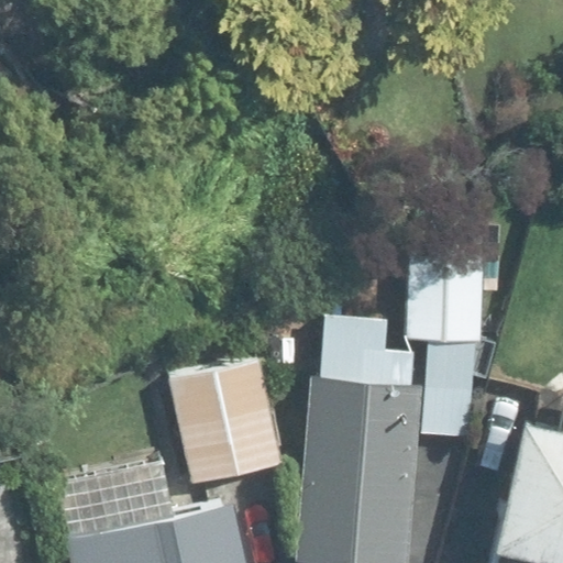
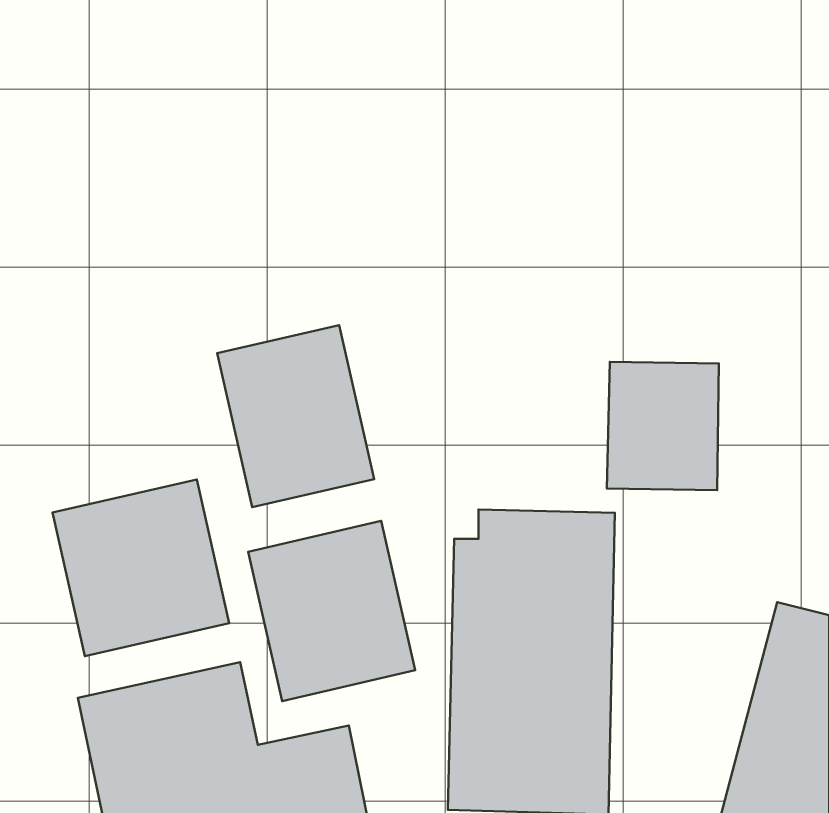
building: none -> [217,325,374,507]
building: none -> [53,480,229,656]

